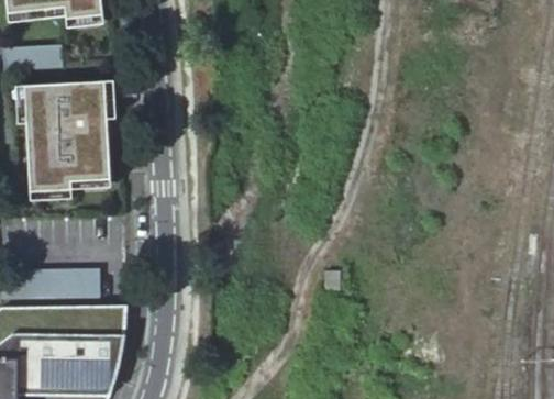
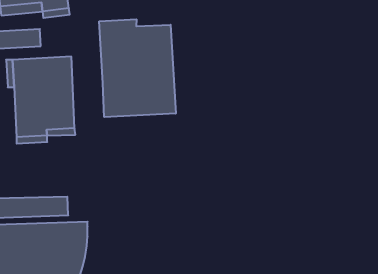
building: none -> [99,19,176,117]

